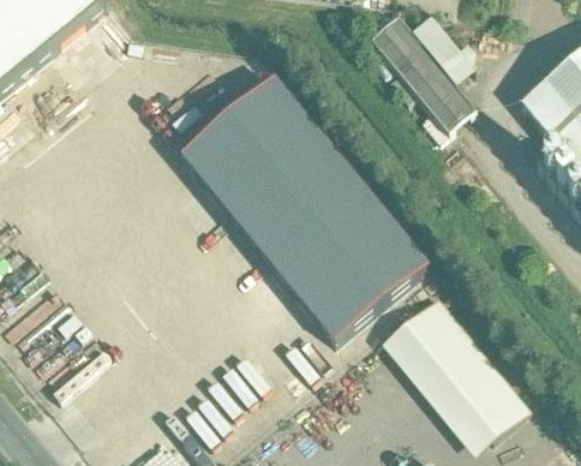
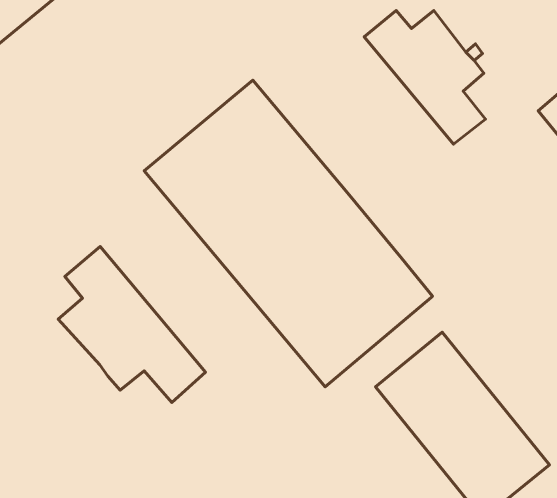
building: none -> [58,247,206,403]

